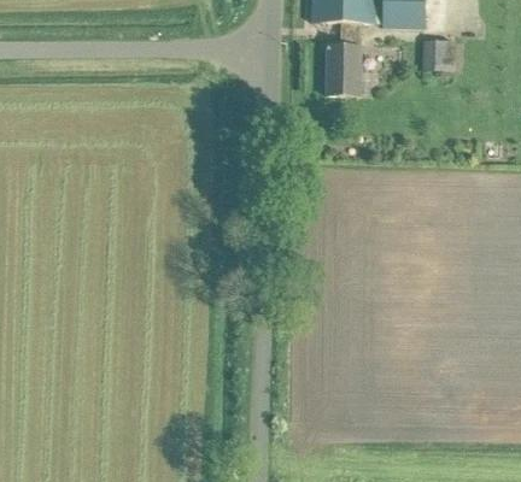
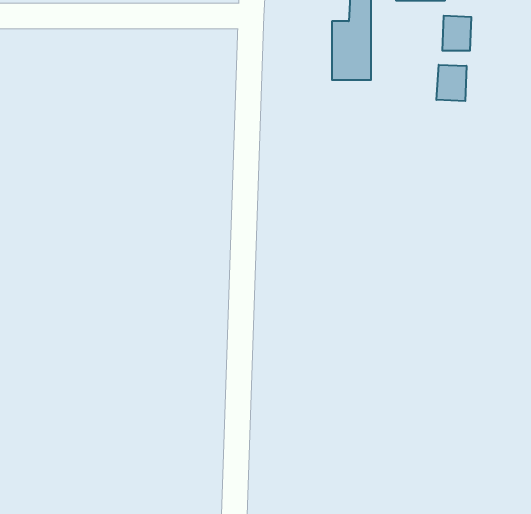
building: none -> [436,65,466,101]

